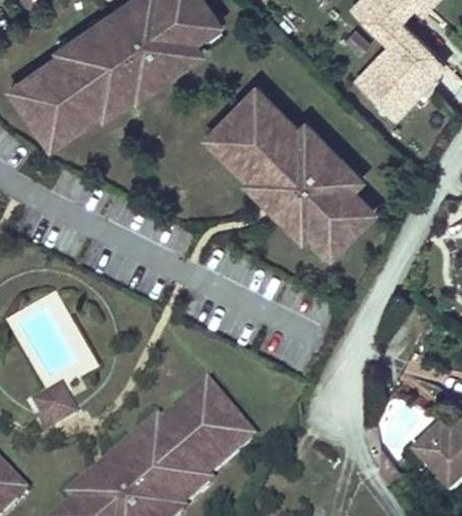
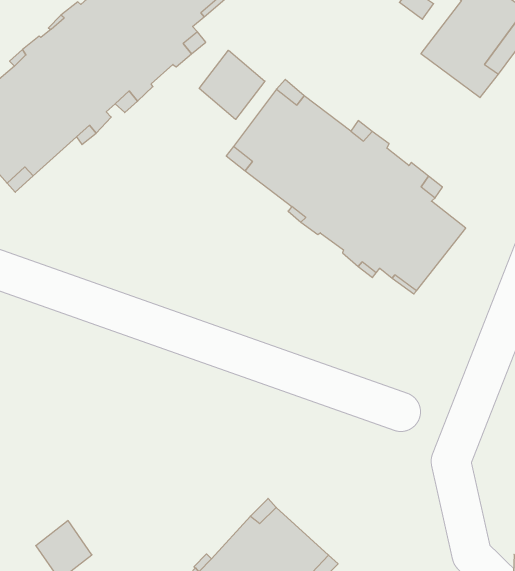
building: none -> [199,50,265,119]

